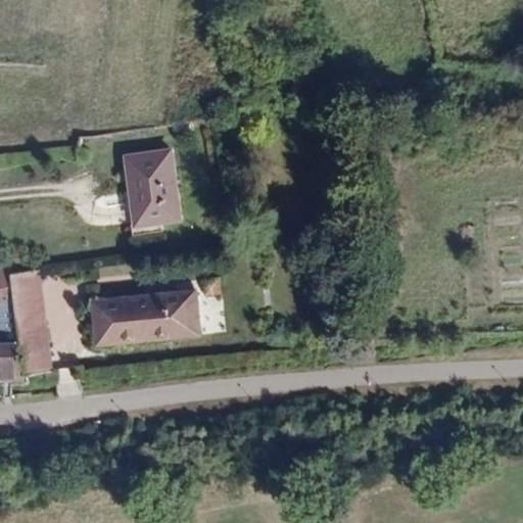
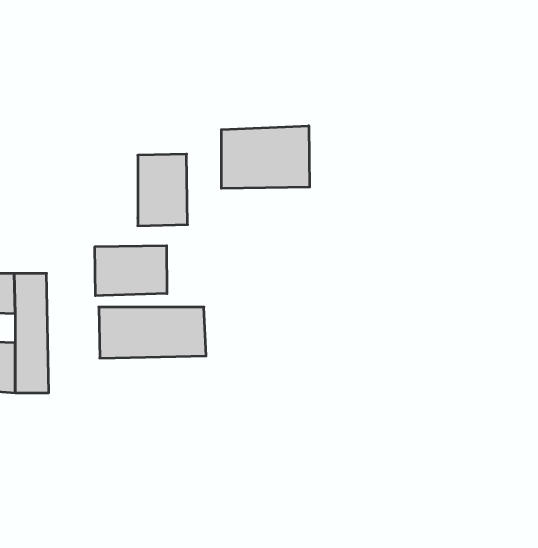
building: none -> [221,126,310,188]
building: none -> [95,246,167,296]

